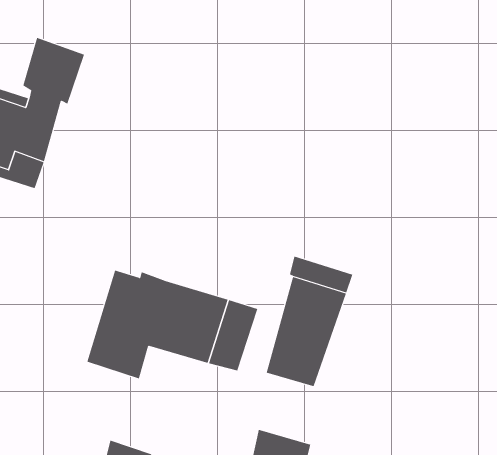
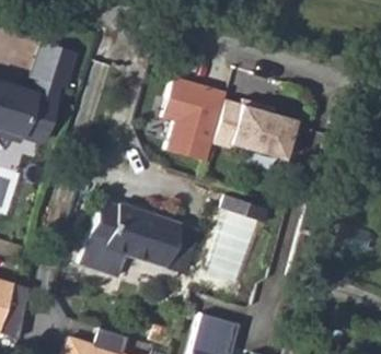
building: none -> [159,73,295,158]

